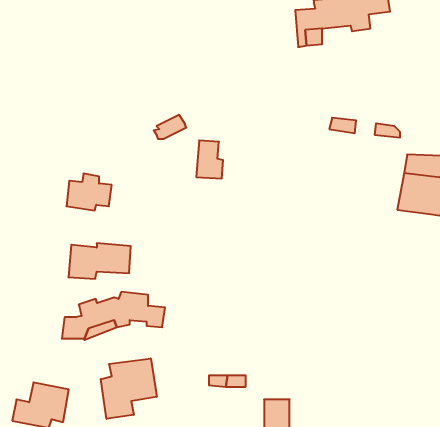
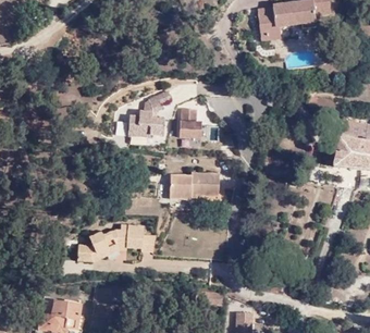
building: [66,174,112,210] -> [128,112,163,140]
building: [68,243,131,279] -> [169,175,217,202]
building: [101,358,157,419] -> none

